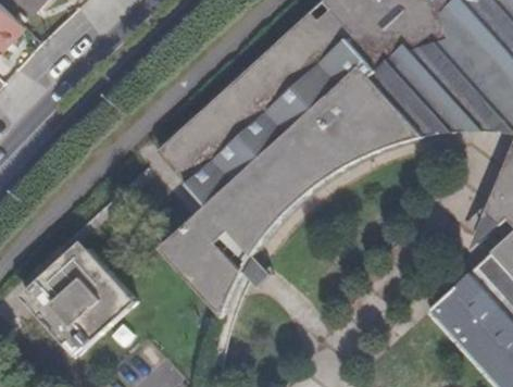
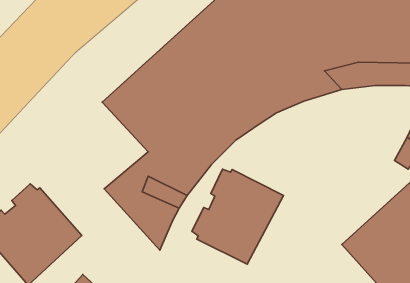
building: none -> [192,169,283,264]

